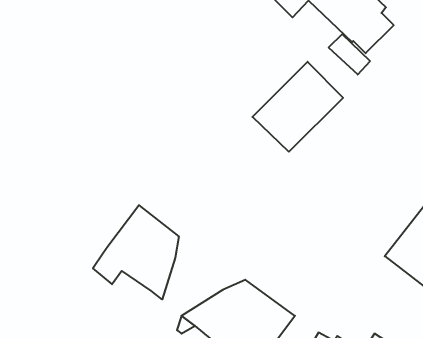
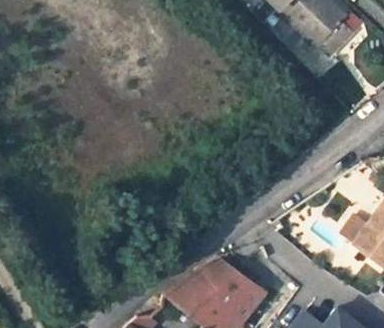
building: [252,62,343,152] -> none
building: [93,205,179,299] -> none

